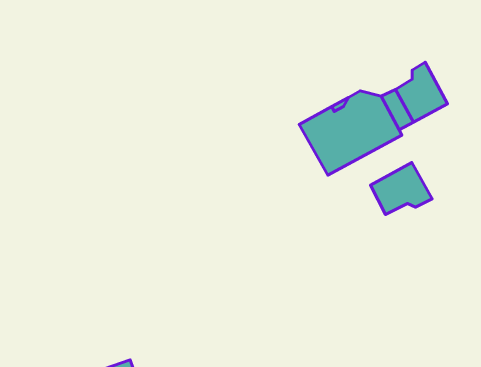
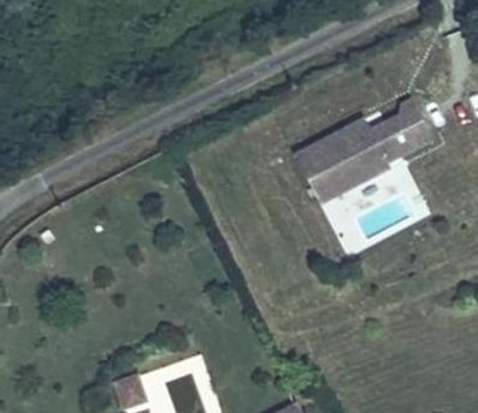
building: [370,163,432,214] -> none

